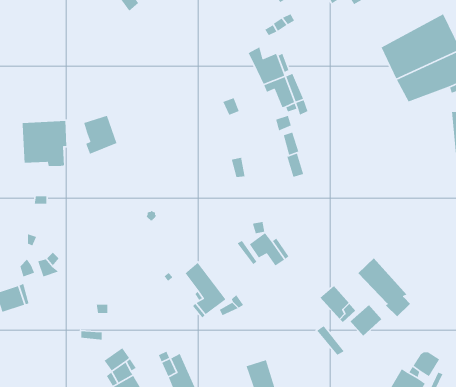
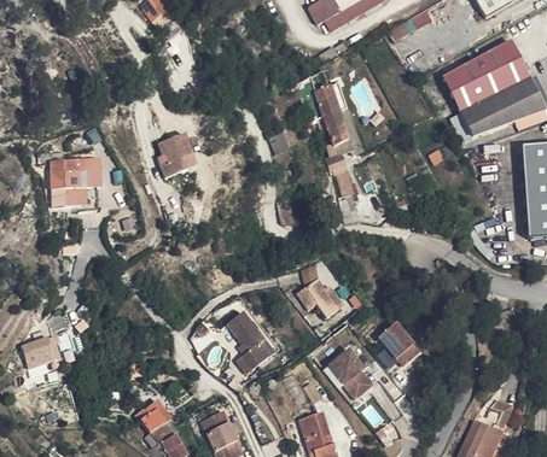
building: [83,115,117,155] -> [159,131,197,175]
building: [358,257,411,317] -> none
building: [350,304,382,336] -> none
building: none -> [327,358,365,396]

